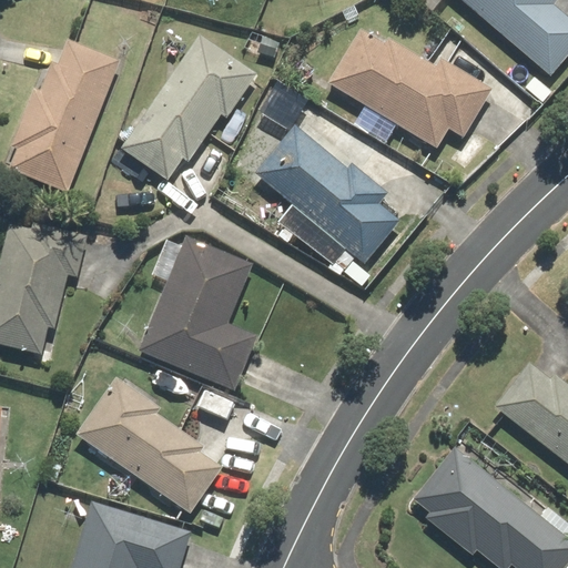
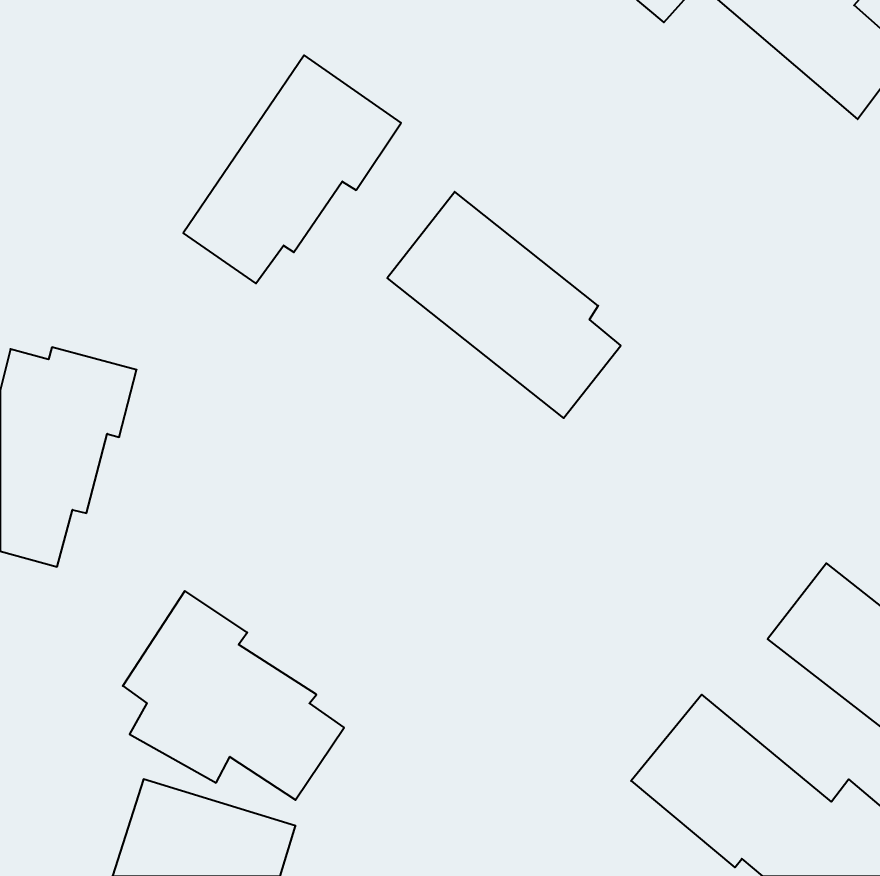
building: [326,26,494,146] -> none
building: [10,40,118,191] -> none
building: [140,240,258,392] -> none

